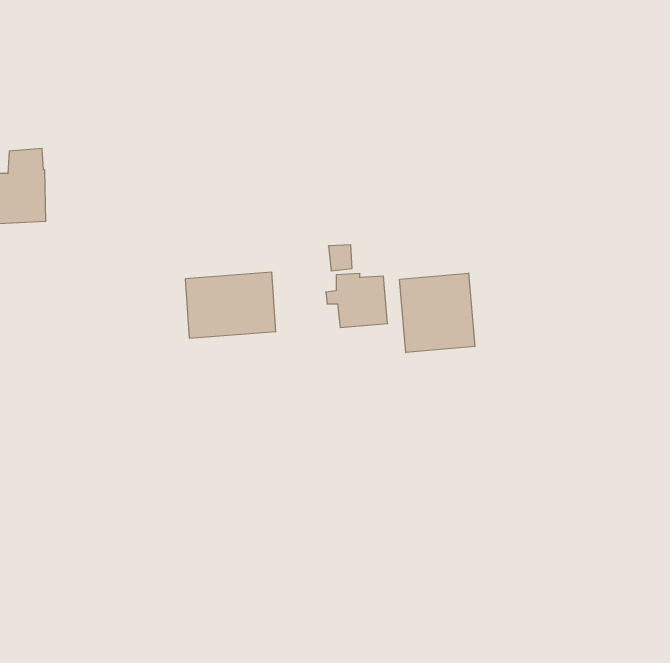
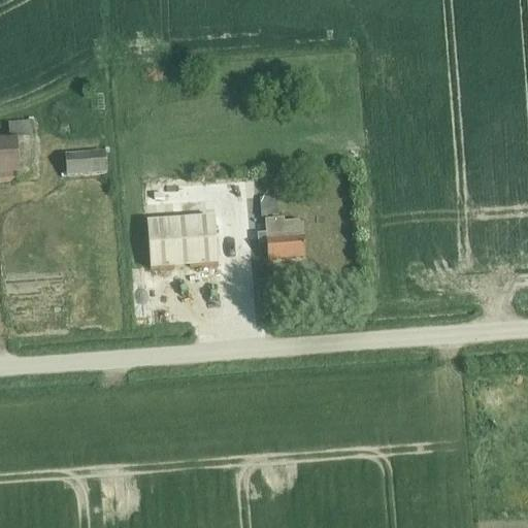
building: none -> [64,147,105,172]
building: [400,273,475,353] -> none

